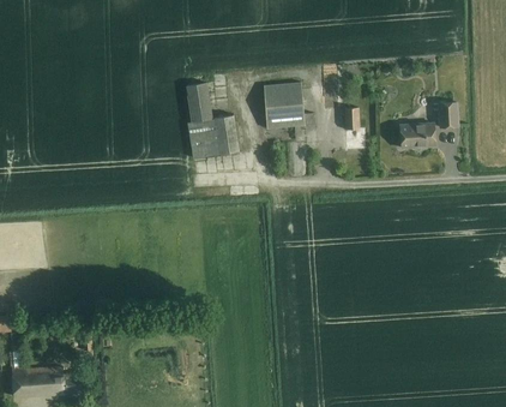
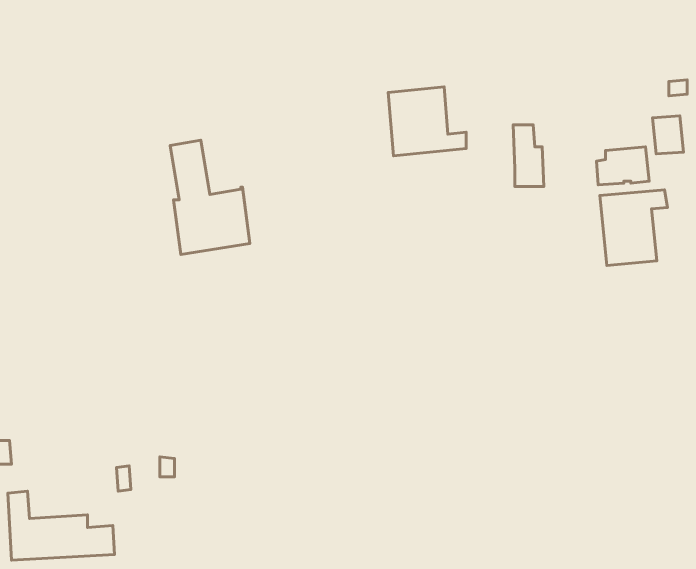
building: [185,82,237,157] -> [170,140,250,254]
building: none -> [600,190,668,266]

